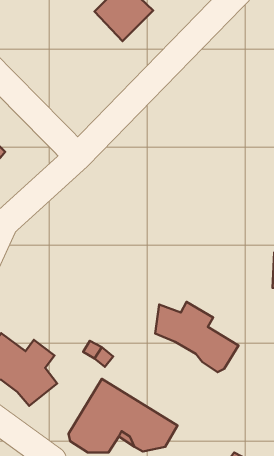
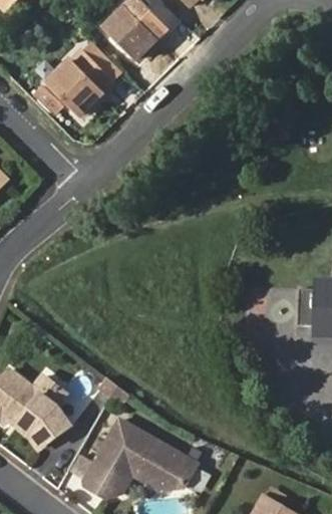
building: none -> [49,47,114,111]
building: [155,302,239,372] -> none

